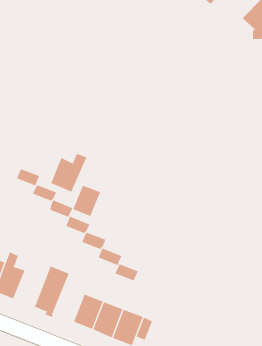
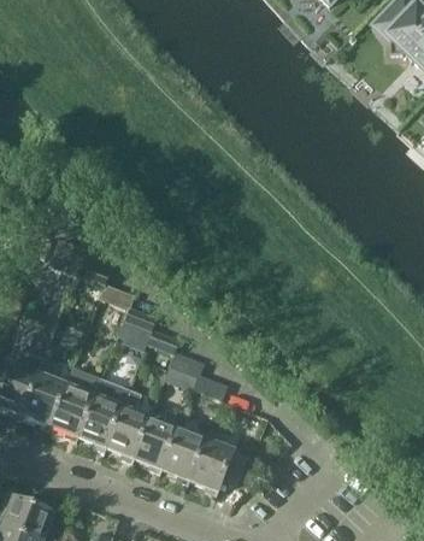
building: [51,153,87,192] -> none
building: [73,185,101,217] -> none
building: none -> [49,367,101,436]
building: none -> [105,389,149,458]

